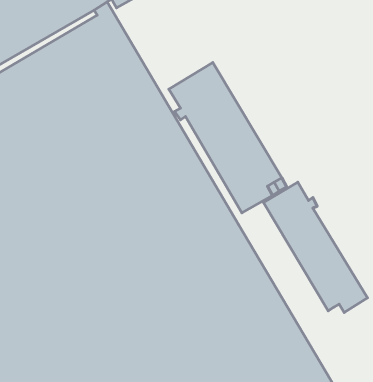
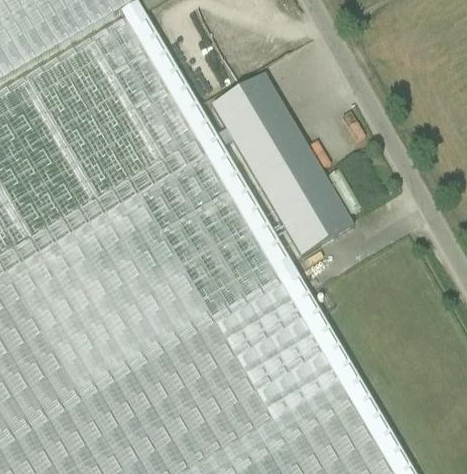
building: [263,182,367,313] -> none

